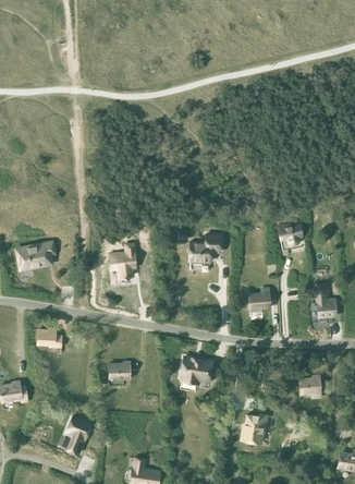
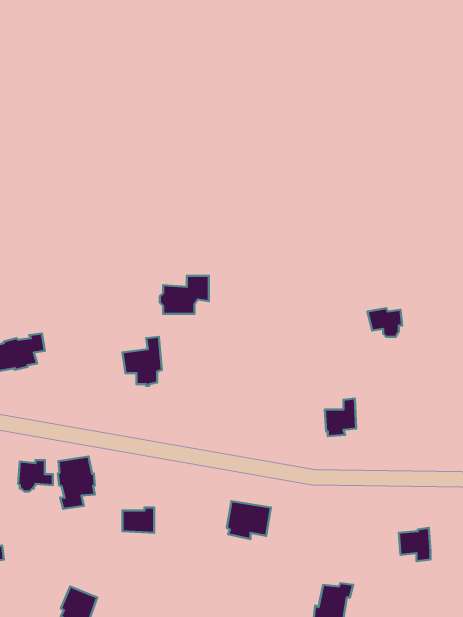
building: [187,235,221,262] -> [160,276,209,314]
building: [316,283,336,317] -> none
building: none -> [58,457,95,509]

